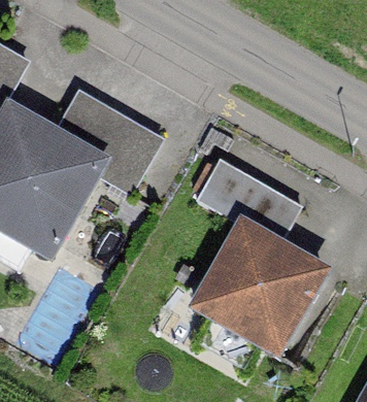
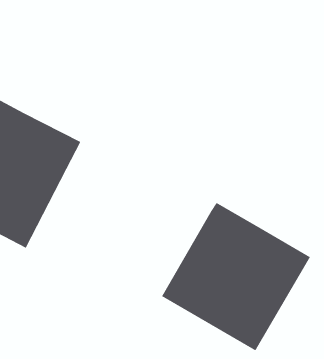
building: [56,91,164,198] -> none
building: [192,156,299,238] -> none

